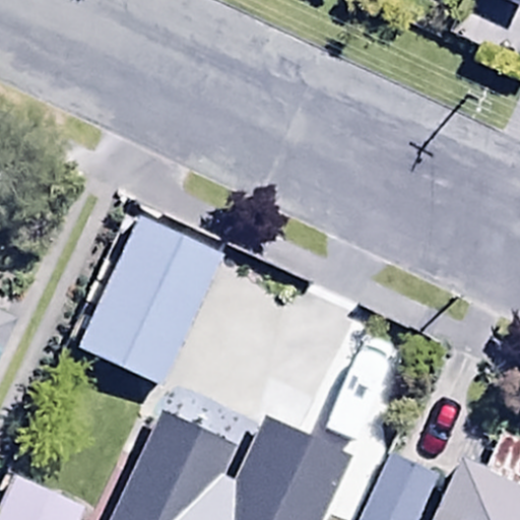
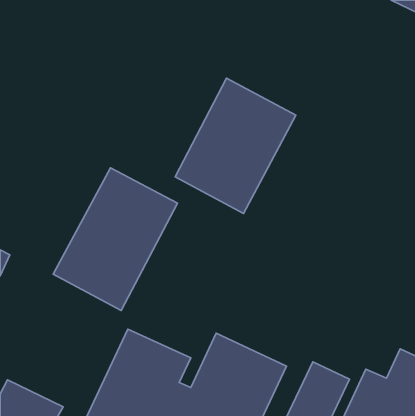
building: none -> [175,78,296,214]

